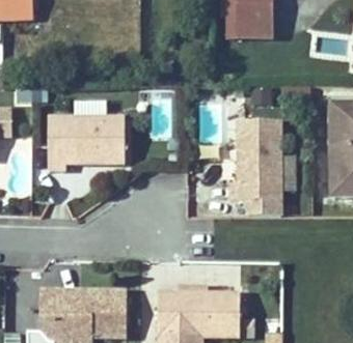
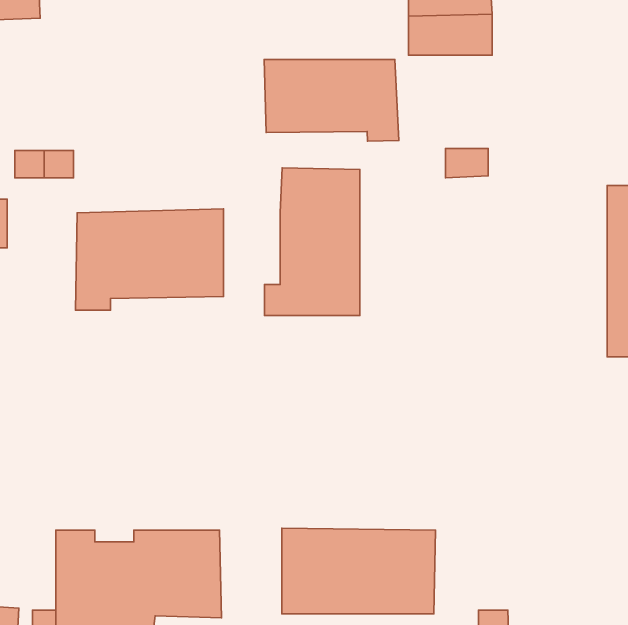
building: none -> [264,59,399,141]
building: [228,121,279,200] -> [265,168,360,316]

